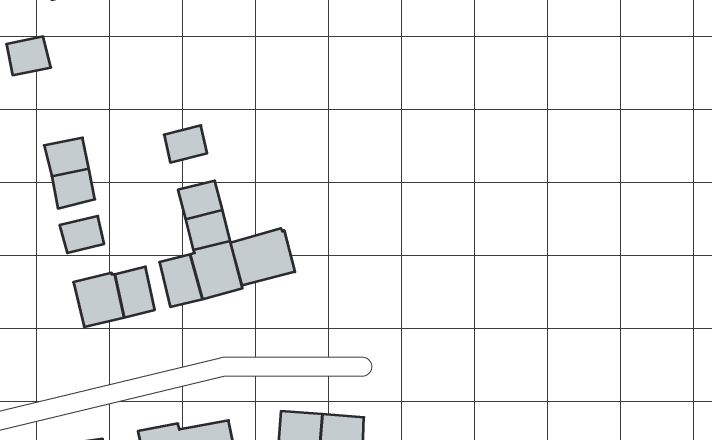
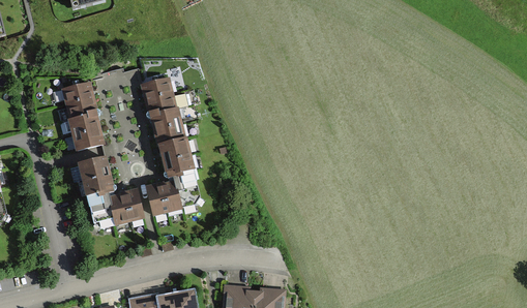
building: [6,37,51,75] -> [64,83,94,109]
building: none -> [144,75,174,101]
building: none -> [153,114,183,138]
building: [231,228,295,285] -> none
building: none -> [84,175,114,201]

